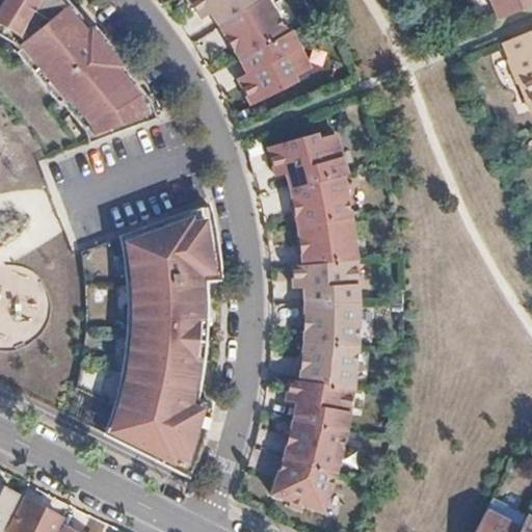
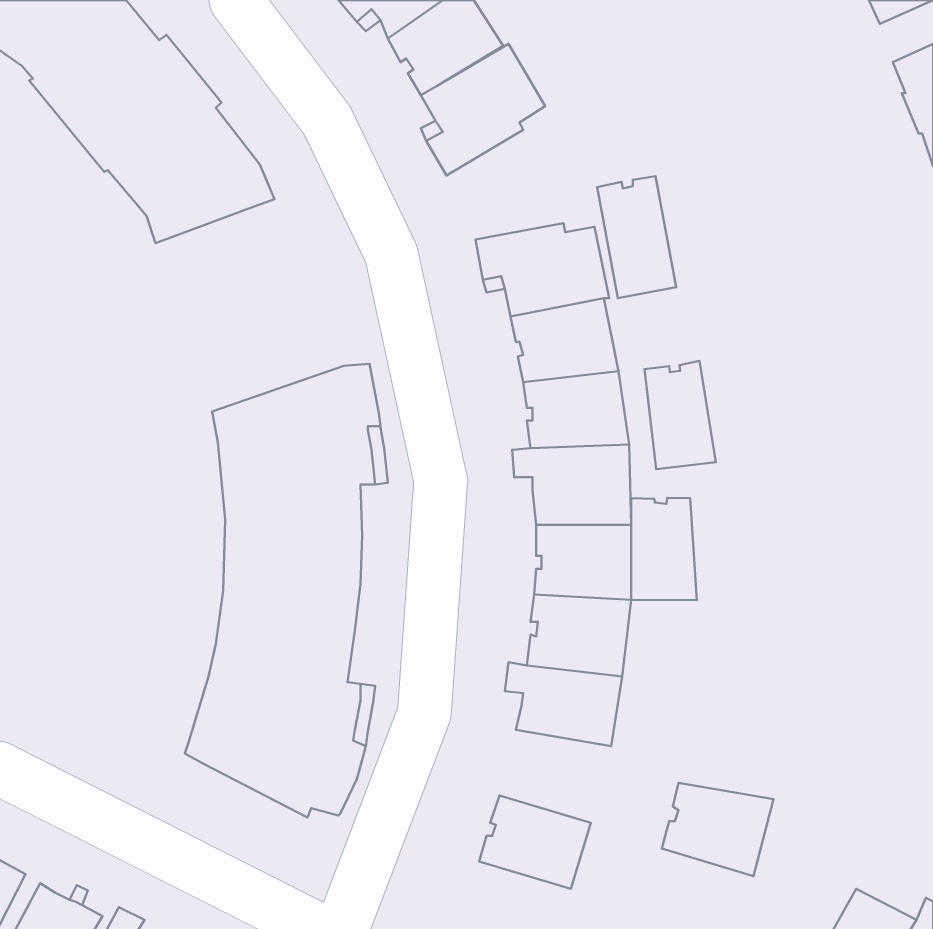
building: none -> [597,176,676,298]
building: none -> [644,361,716,469]
building: none -> [631,498,697,600]
building: [284,418,347,471] -> [662,783,774,876]

